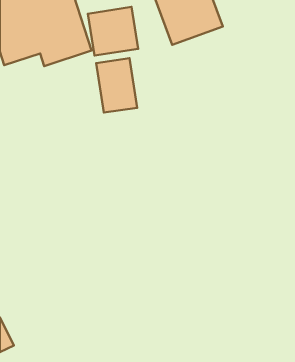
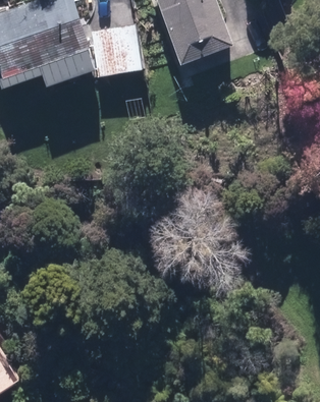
building: [96,58,137,113] -> none

